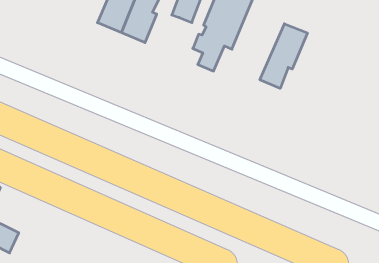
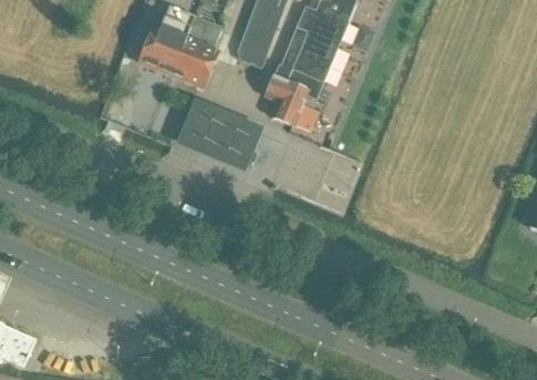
building: [260,24,307,88] -> none
building: none -> [177,100,265,174]

